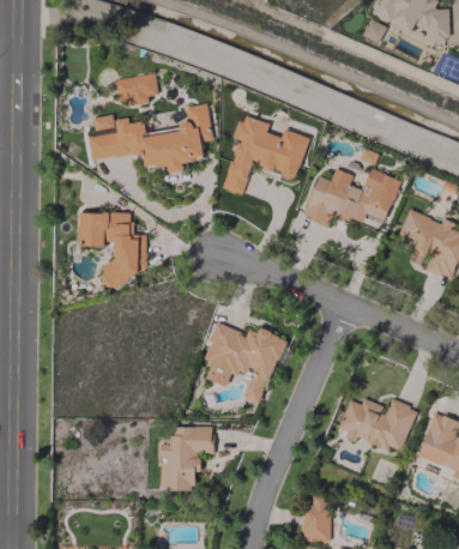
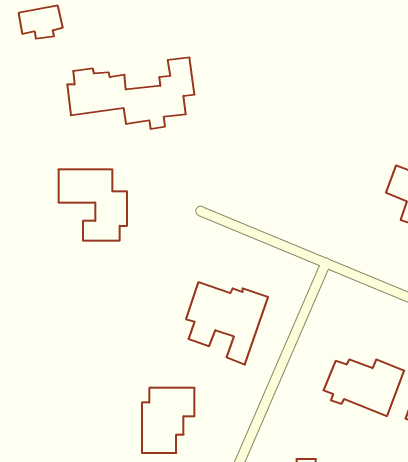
building: [115,73,158,105] -> [19,6,63,39]
building: [223,115,309,194] -> none
building: [302,169,400,227] -> none

